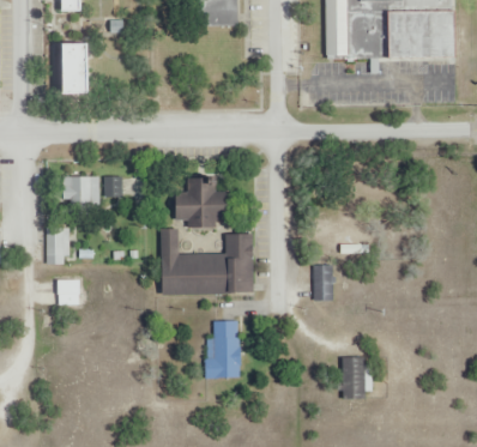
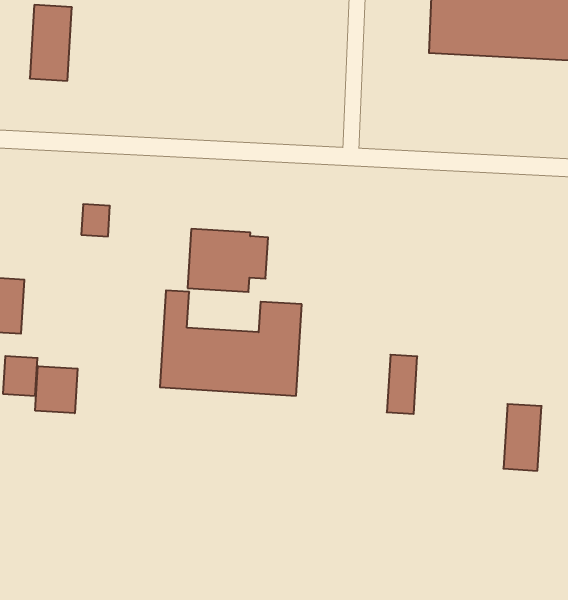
building: [62,175,98,215] -> none
building: none -> [35,366,78,413]
building: [206,320,238,377] -> none
building: [342,356,364,399] -> [503,404,542,471]

